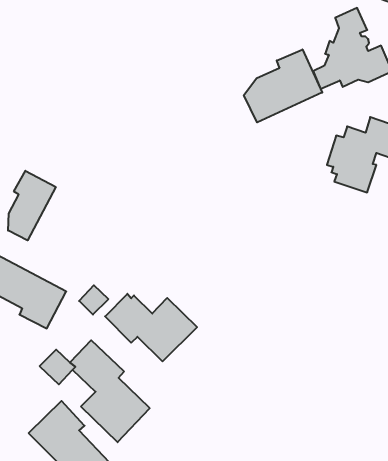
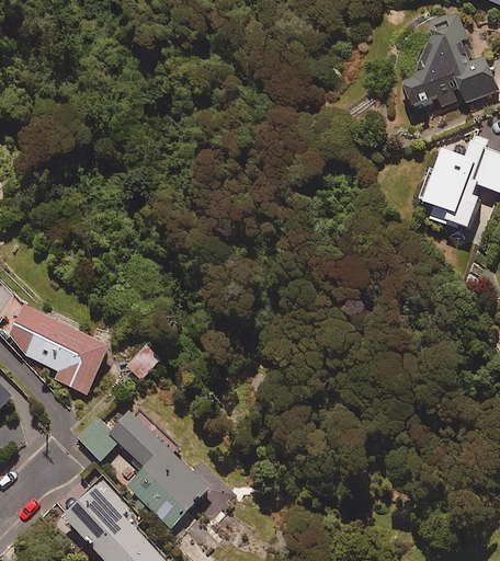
building: [244,49,322,122] -> none
building: [8,171,56,240] -> none
building: [105,294,197,361] -> none

